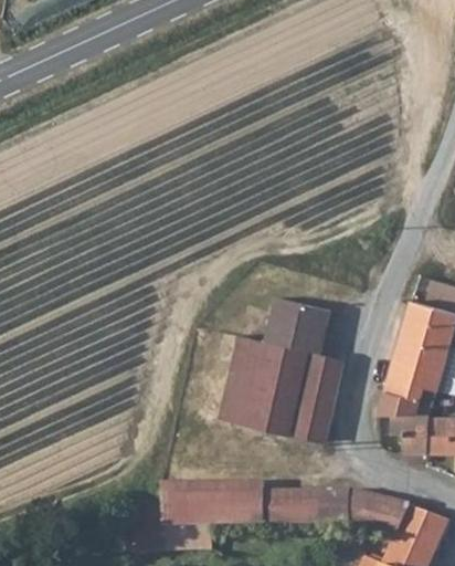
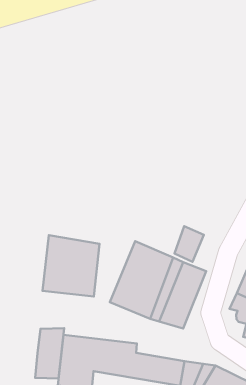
building: [269,305,304,349] -> none
building: none -> [42,235,99,296]
building: none -> [35,328,64,378]

